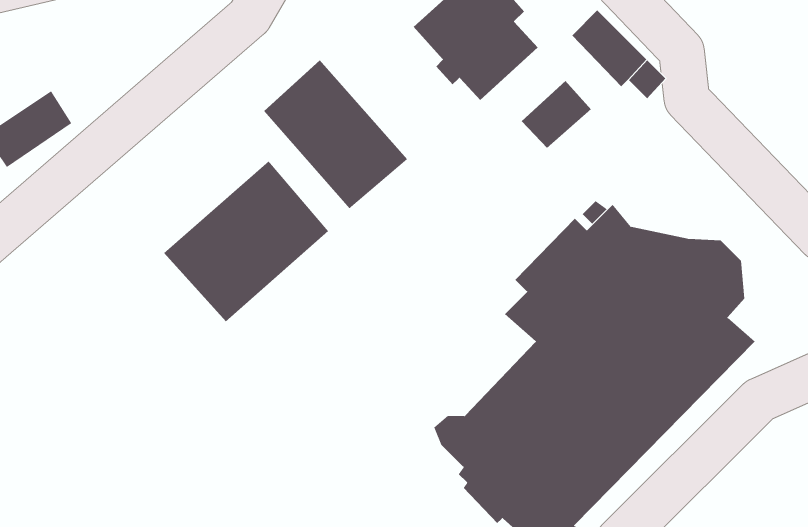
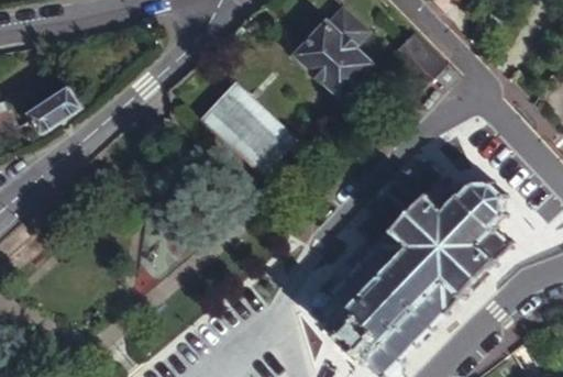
building: [521,80,592,149] -> none
building: [163,160,329,322] -> none

